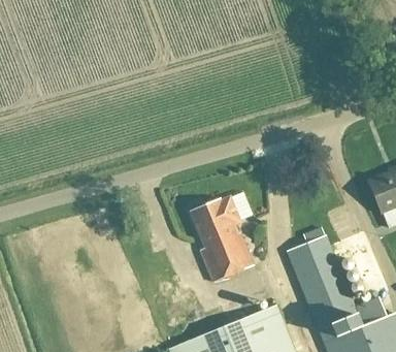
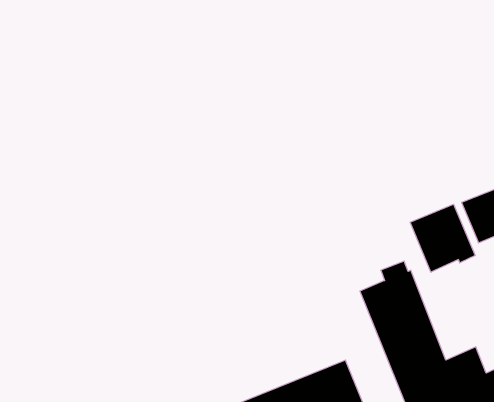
building: none -> [410,204,475,272]
building: [189,193,253,283] -> none

